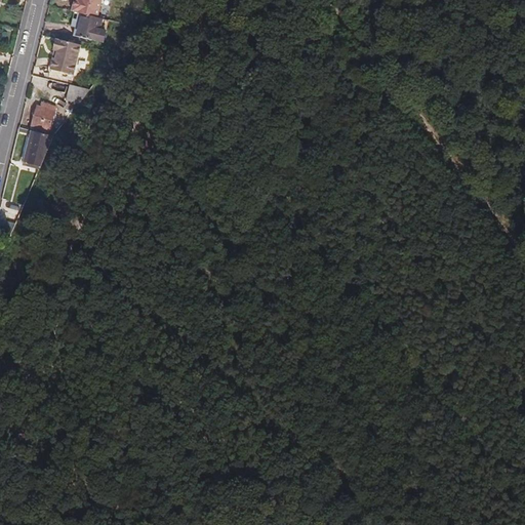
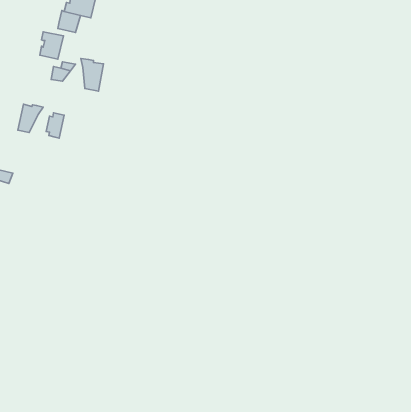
building: none -> [81,58,104,91]
building: [30,102,52,133] -> [46,113,64,138]

